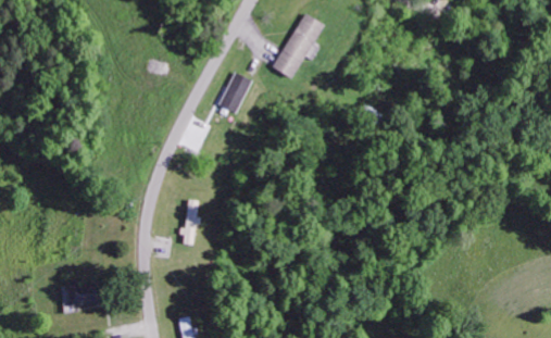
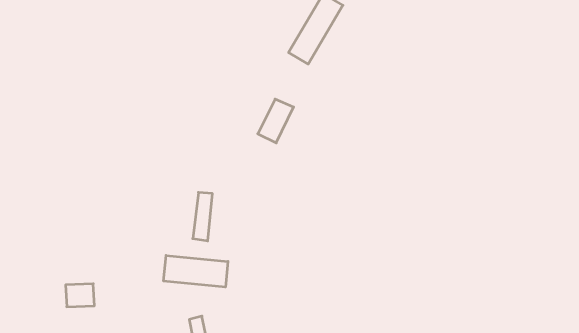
building: [218,73,252,114] -> [258,99,294,143]
building: none -> [164,255,228,287]

